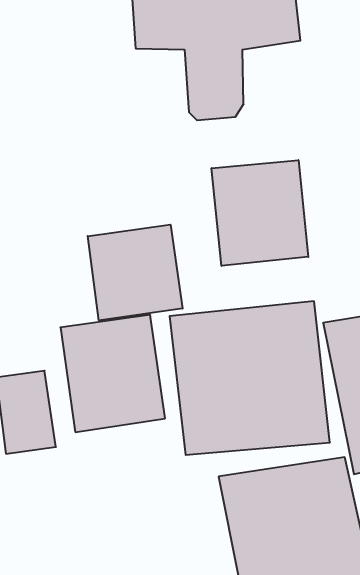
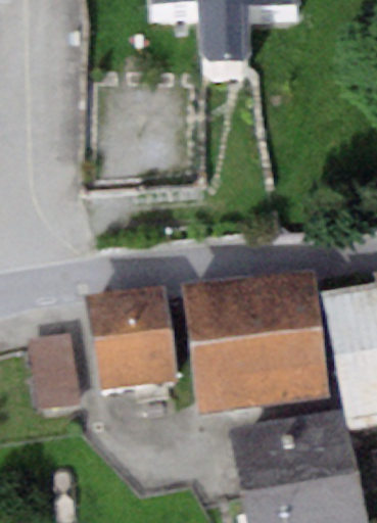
building: [212,160,308,266] -> none
building: [88,225,183,320] -> none

